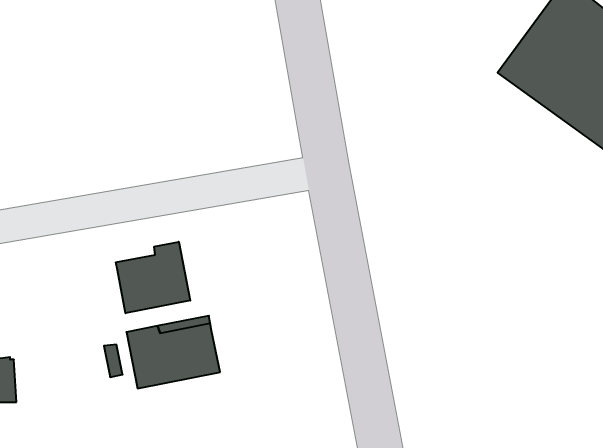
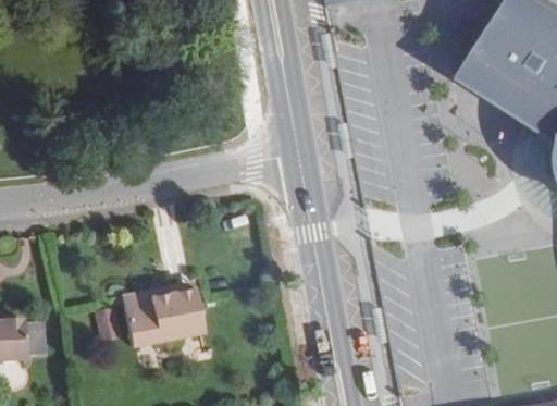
building: [116,242,190,313] -> none

